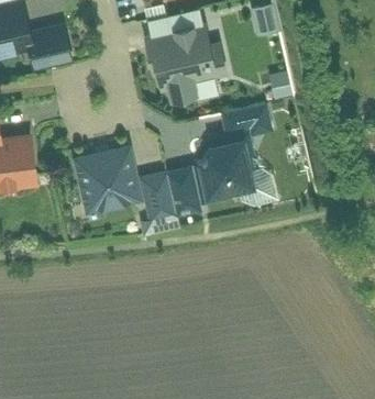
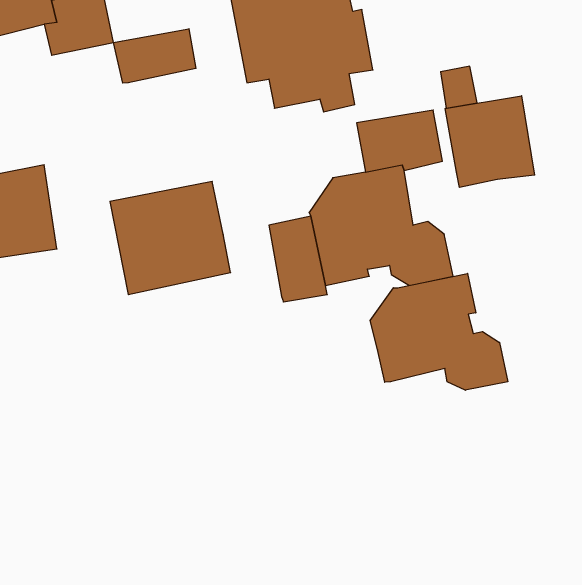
building: none -> [114,29,196,83]
building: none -> [445,96,535,187]
building: [137,171,173,220] -> none
building: none -> [370,273,508,390]

